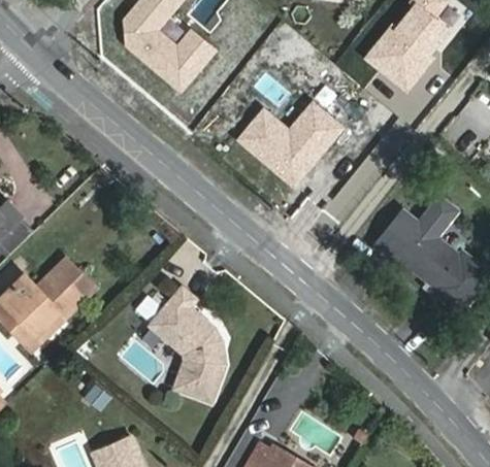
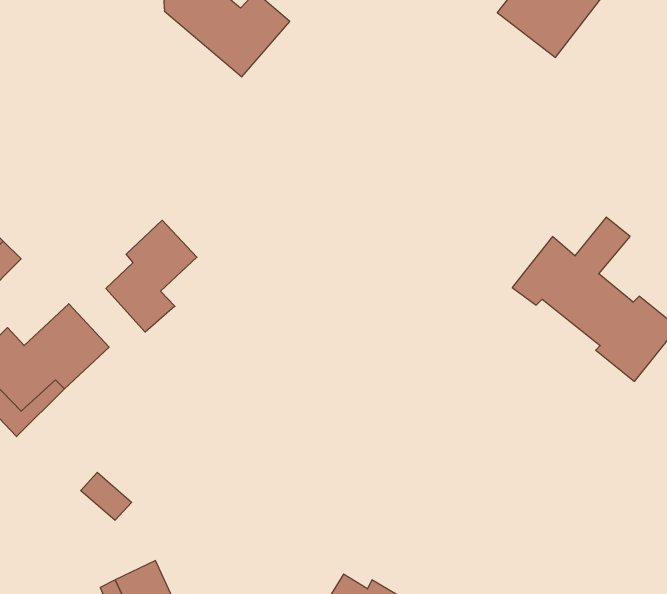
building: [237,102,340,185] -> none
building: none -> [106,220,197,332]
building: [150,286,224,402] -> none

